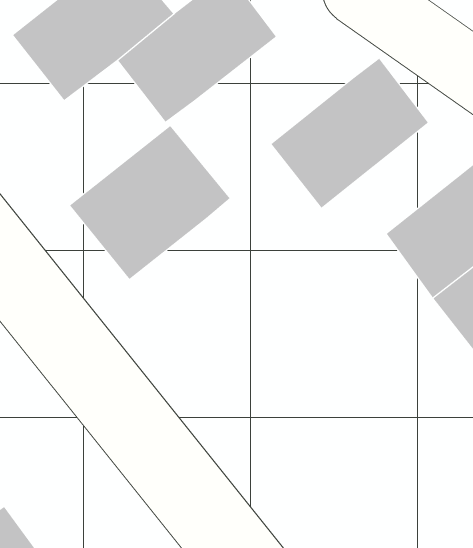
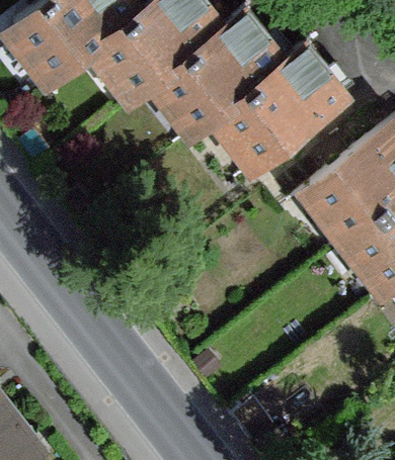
building: none -> [157,17,284,139]
building: [69,125,230,280] -> none

